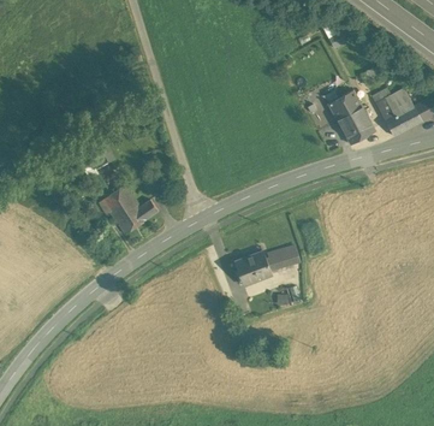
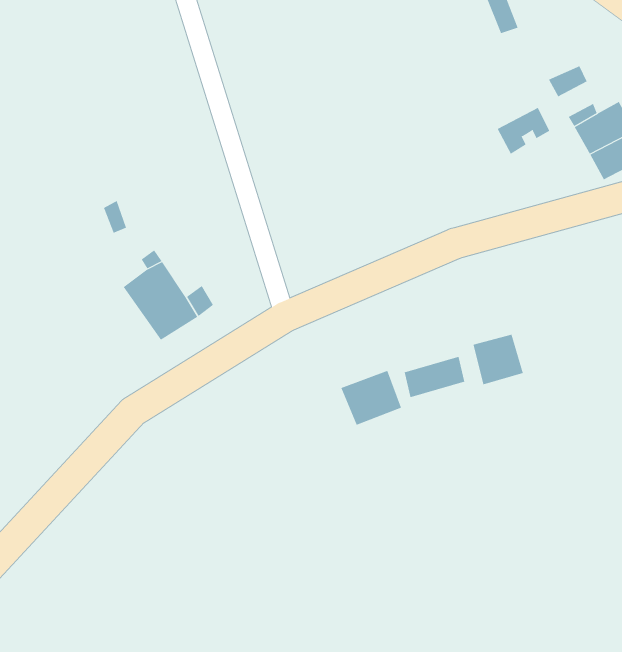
building: [335,106,374,144] -> none
building: none -> [473,334,524,385]

